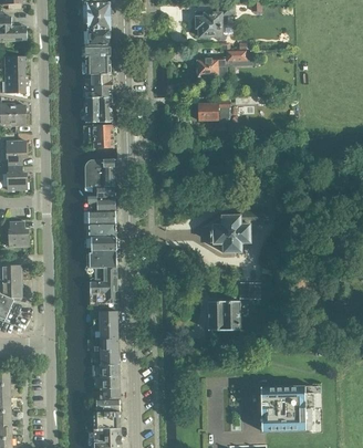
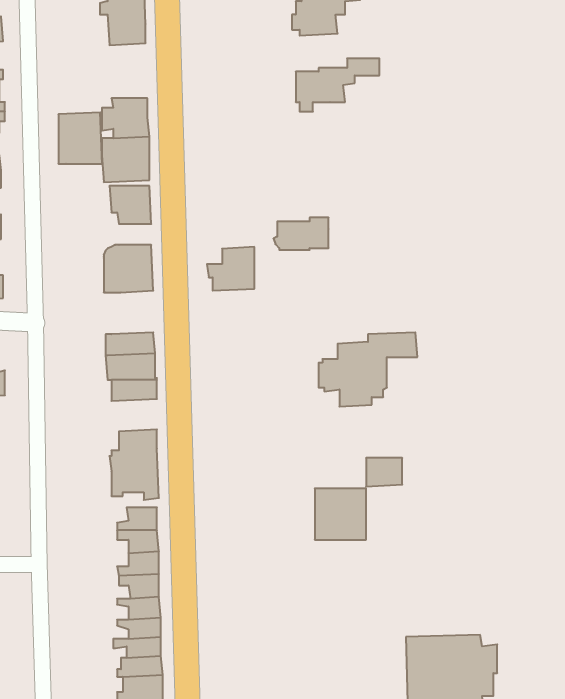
building: [85,43,111,73] -> [58,112,102,164]
building: [196,101,228,119] -> [273,218,329,250]
building: [86,185,114,210] -> [207,247,254,291]
building: [87,248,116,267] -> none

